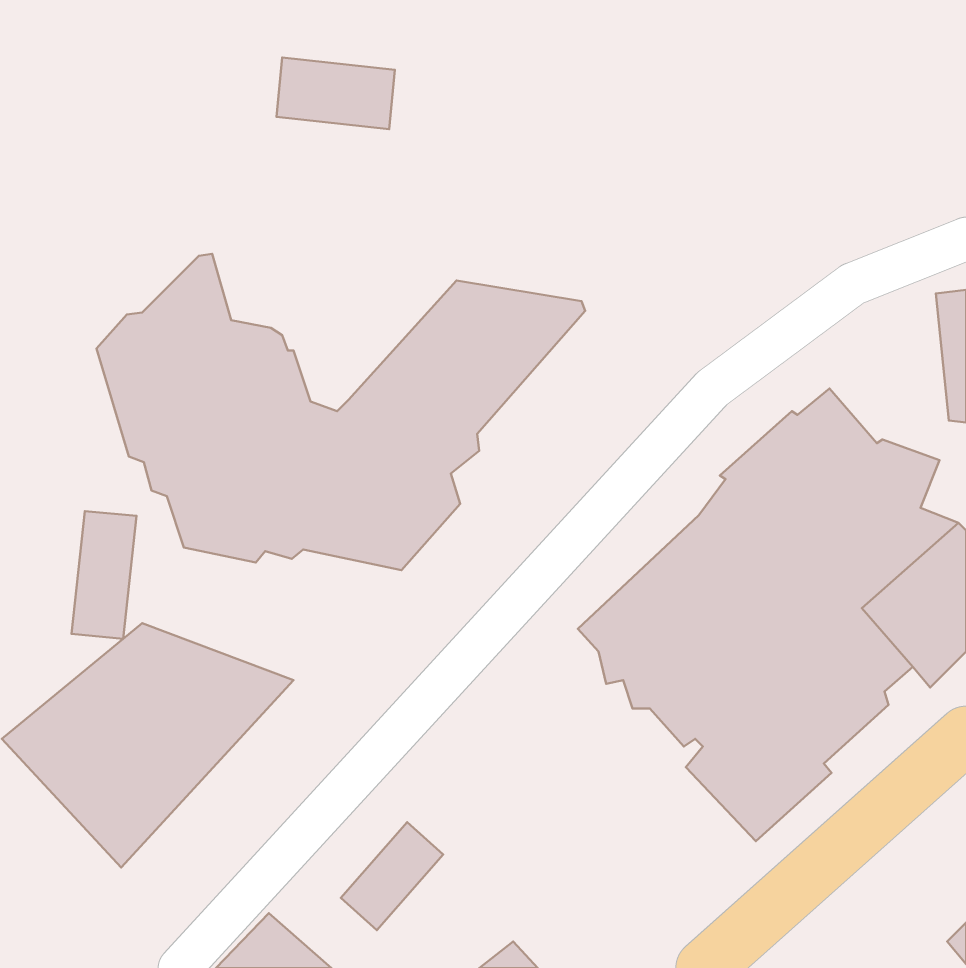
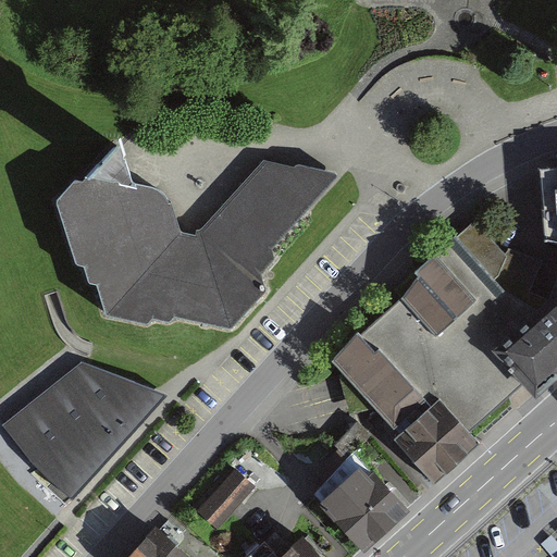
building: [276,58,395,129] -> none
building: [72,511,136,639] -> none
building: none -> [319,457,406,546]

